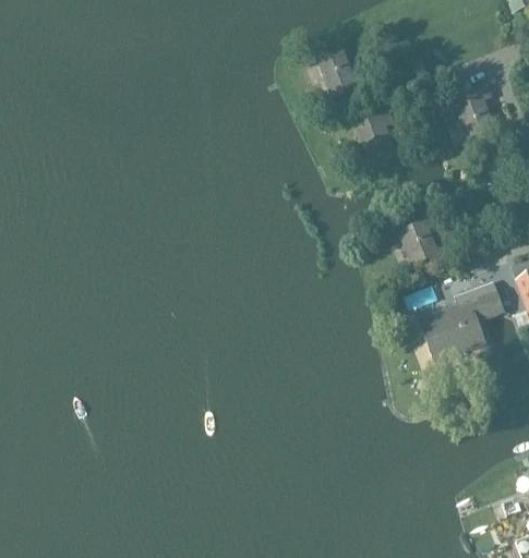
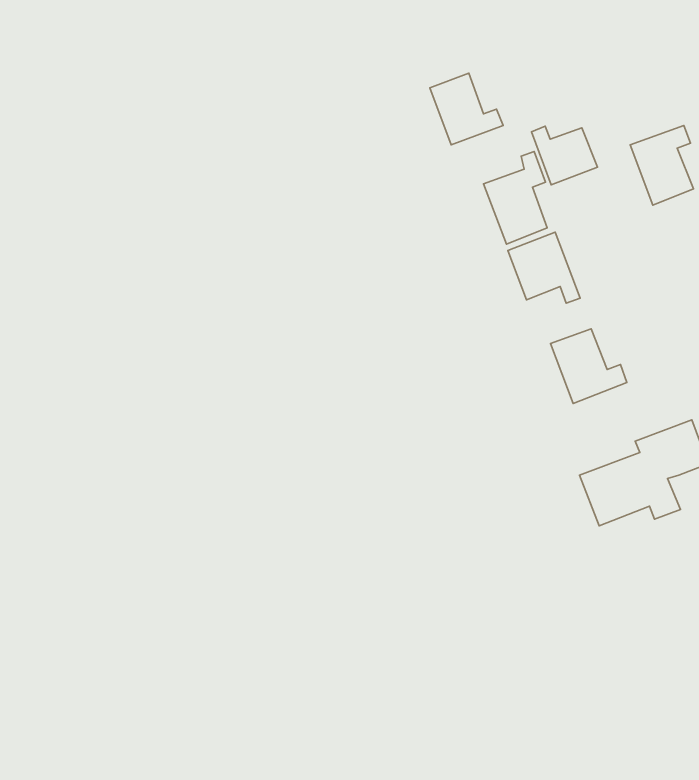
building: none -> [532,126,597,185]
building: none -> [508,232,580,303]

